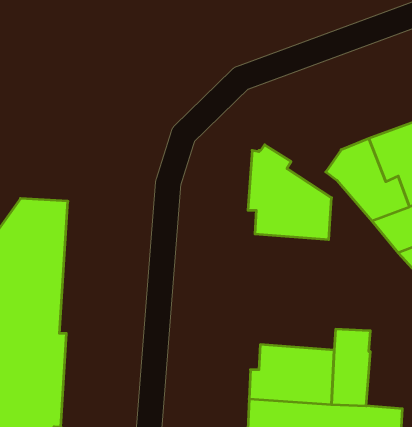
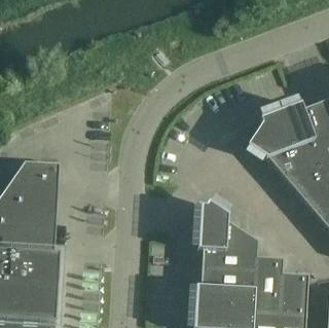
building: [248,145,332,240] -> [196,201,258,270]
building: none -> [280,271,308,314]

